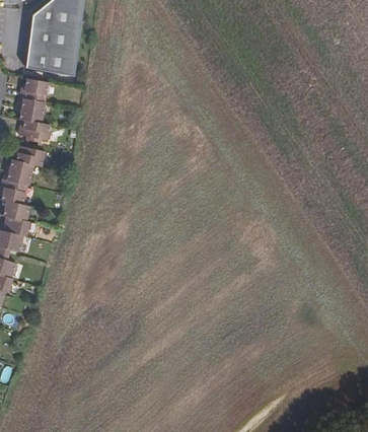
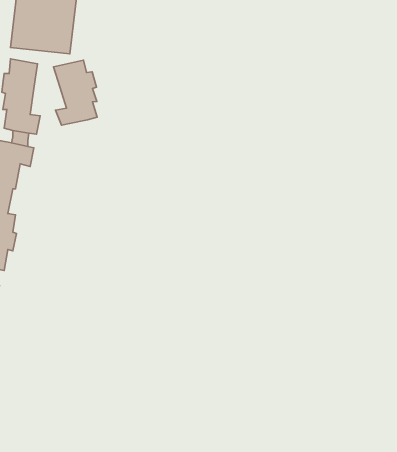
building: none -> [53,60,97,125]

